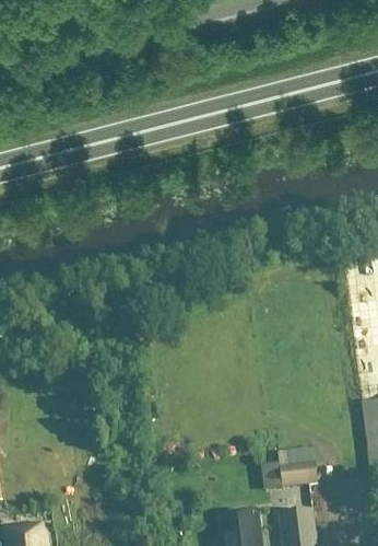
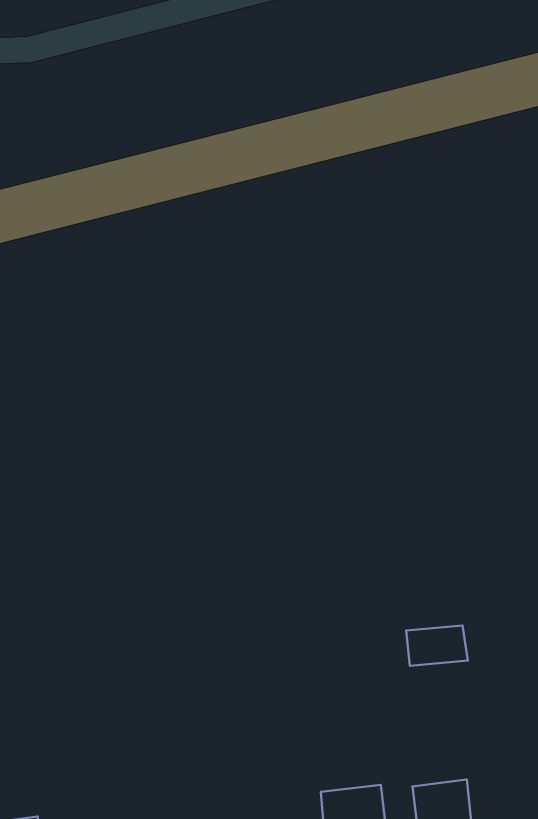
building: [276,460,315,485] -> [406,625,468,666]

